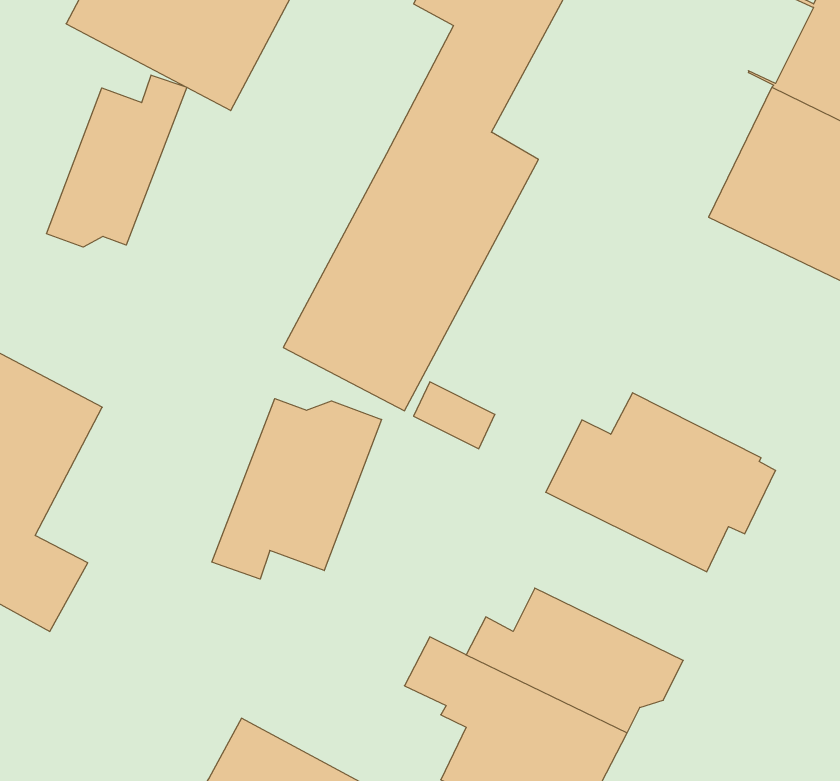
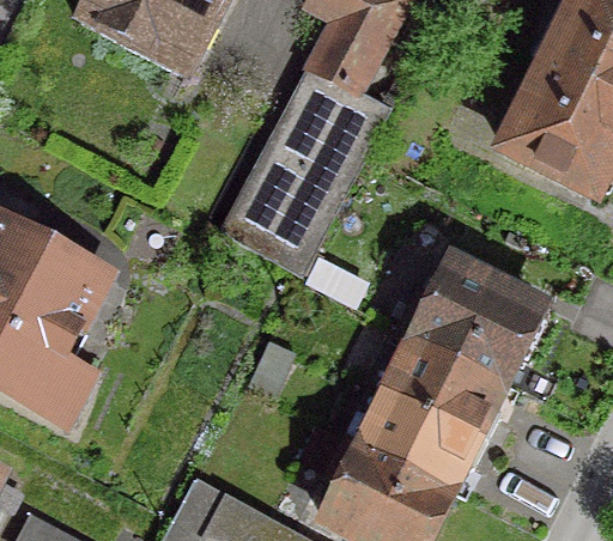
building: [47,75,187,247] -> none
building: [212,399,382,579] -> none
building: none -> [386,339,499,440]

